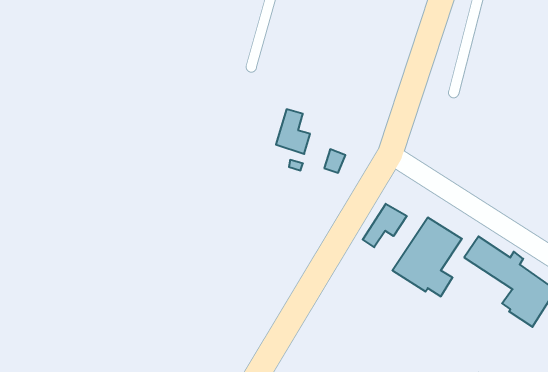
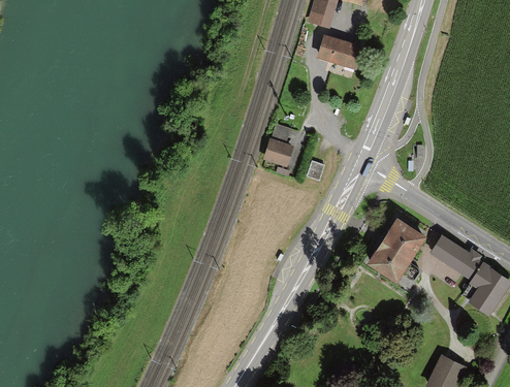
building: none -> [319,34,363,67]
building: [363,204,407,247] -> none

